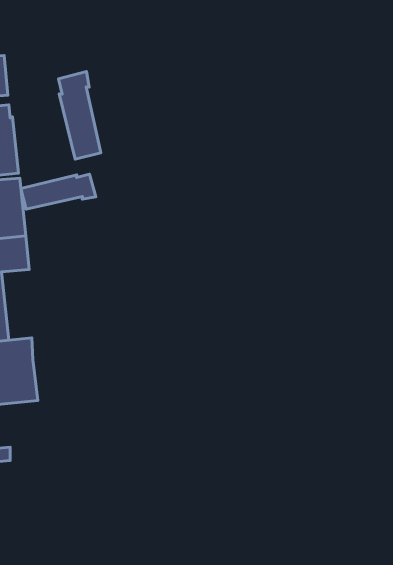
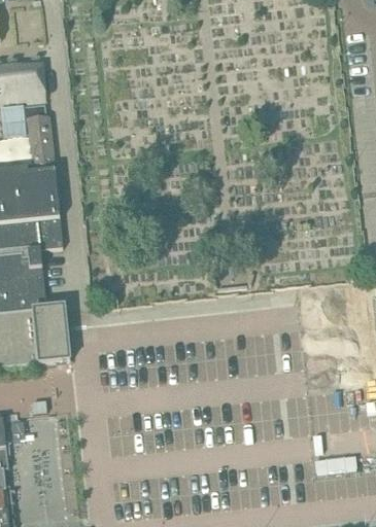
building: [58,72,101,159] -> none
building: [21,174,96,209] -> none

